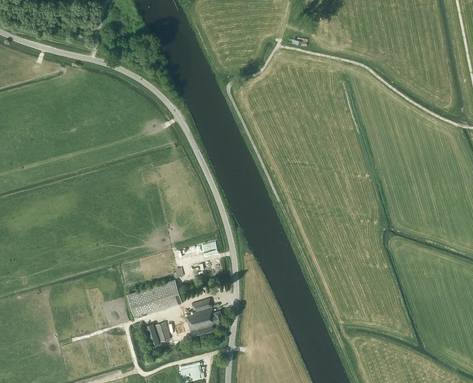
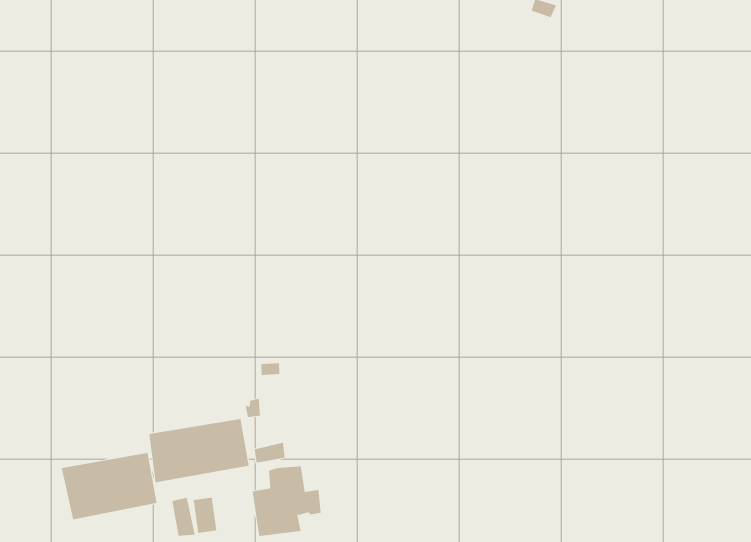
building: none -> [61,452,157,520]

